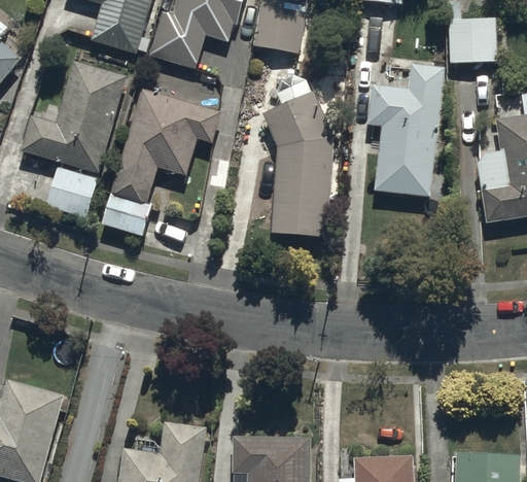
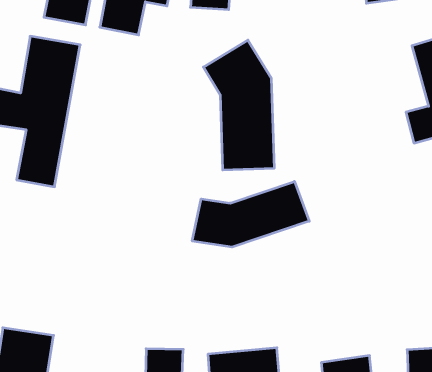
building: [366,62,446,197] -> none
building: [101,88,223,235] -> none
building: none -> [192,181,309,247]

